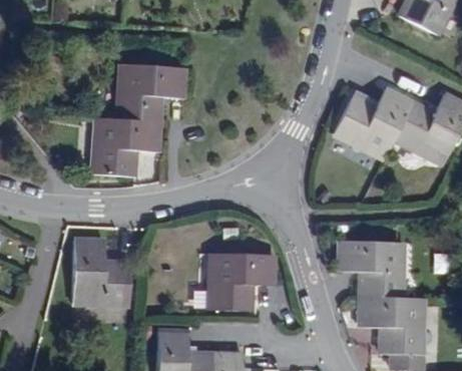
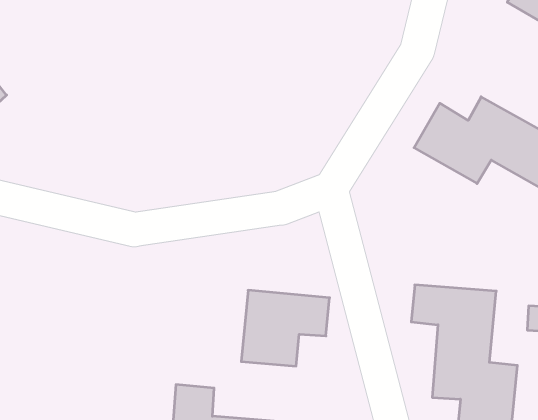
building: [94,63,186,174] -> none
building: [74,240,130,305] -> none

